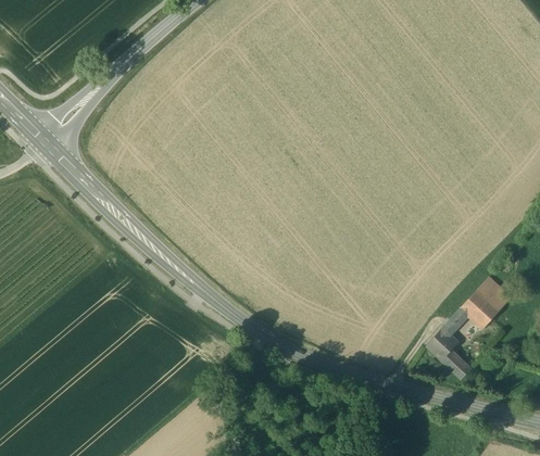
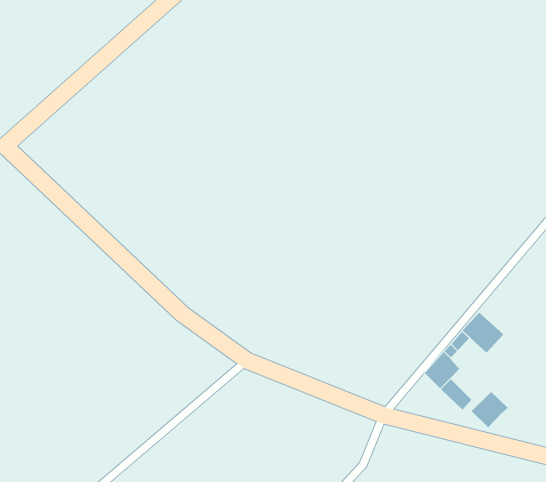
building: [476,277,511,311] -> none
building: none -> [471,391,508,428]

